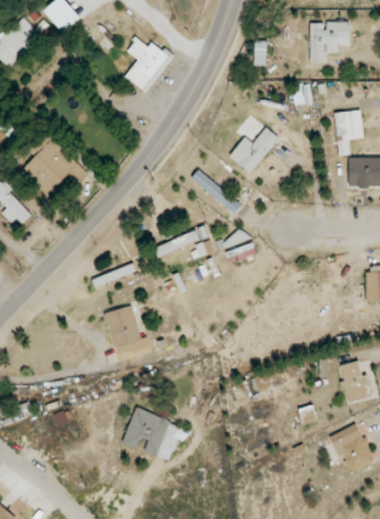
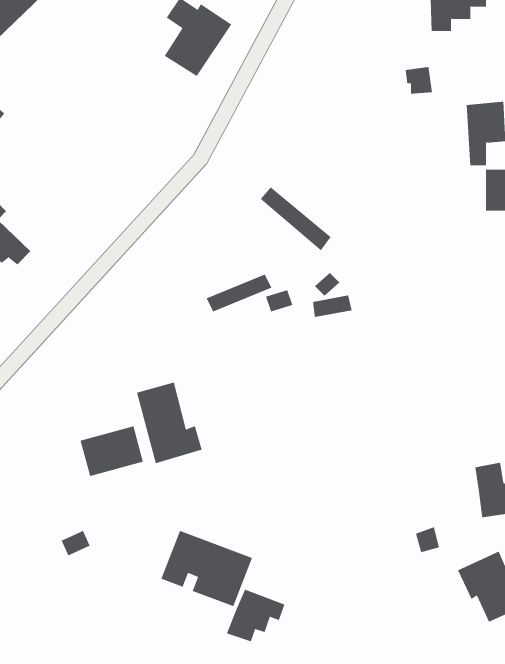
building: [228,126,278,172] -> none
building: [21,127,85,203] -> none
building: none -> [80,426,144,477]
building: none -> [226,589,285,642]

